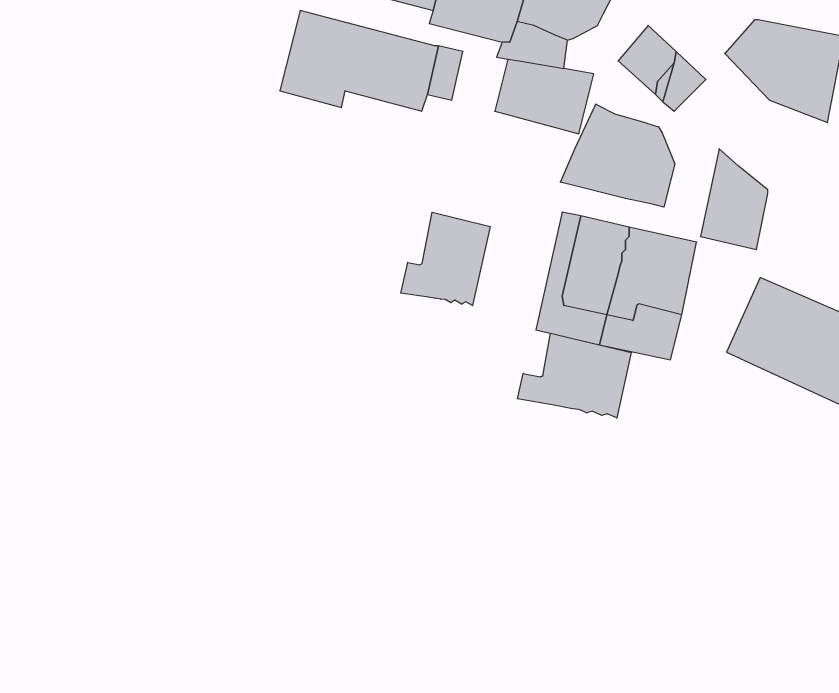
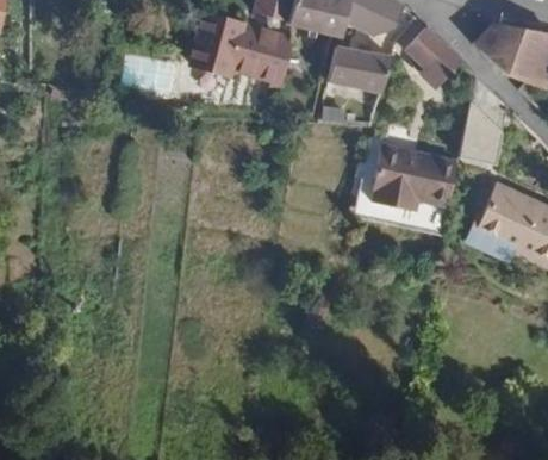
building: [560,104,675,207] -> none
building: [401,212,490,306] -> none
building: [517,333,631,418] -> none

